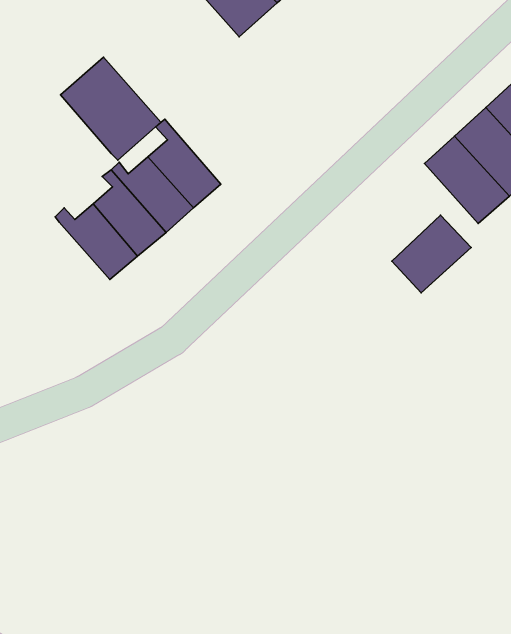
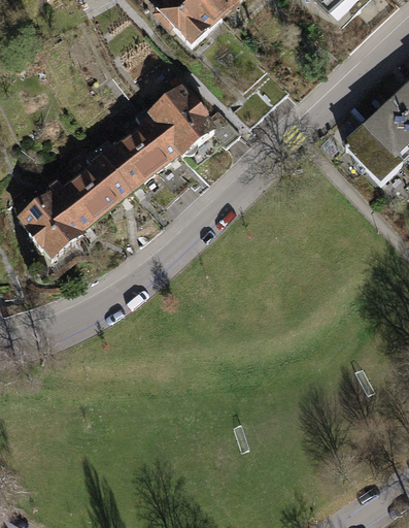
building: [60,57,161,160] -> [139,79,218,161]
building: [392,215,471,293] -> none
building: none -> [19,186,96,264]

